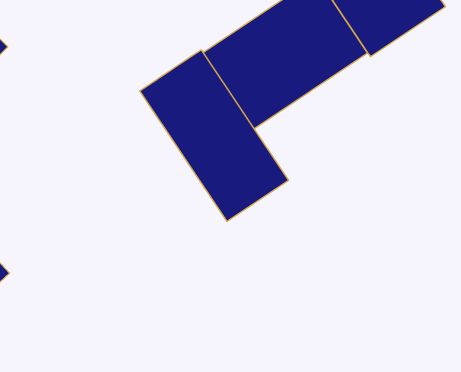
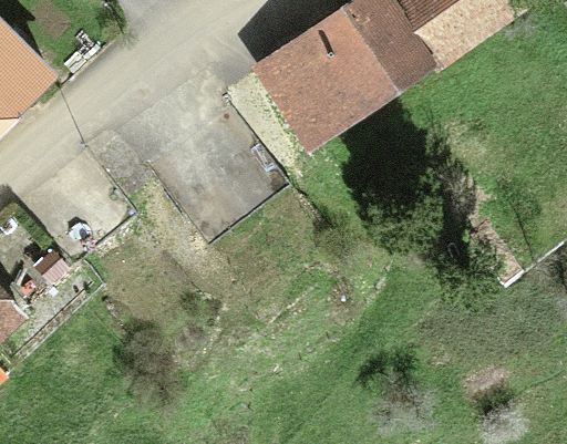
building: [140,50,288,221] -> none

